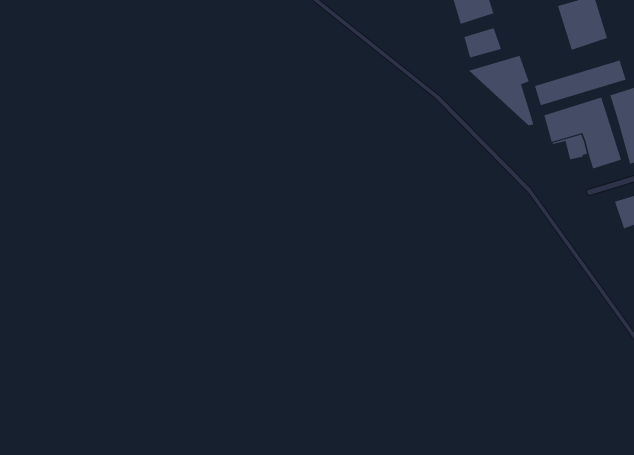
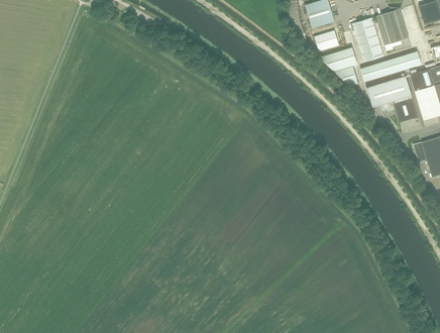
building: none -> [352,16,383,61]

